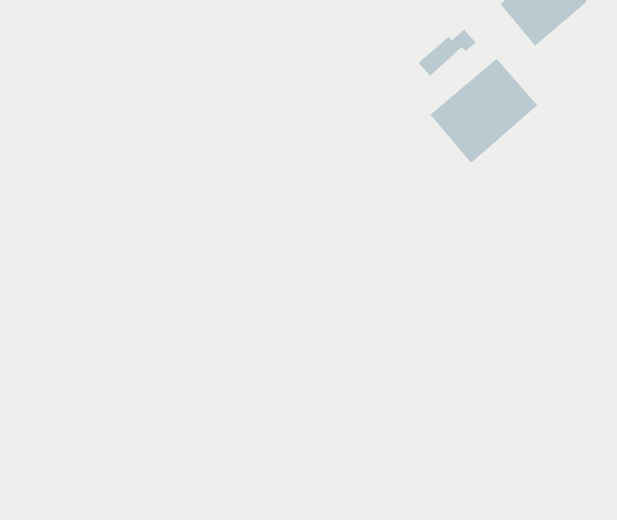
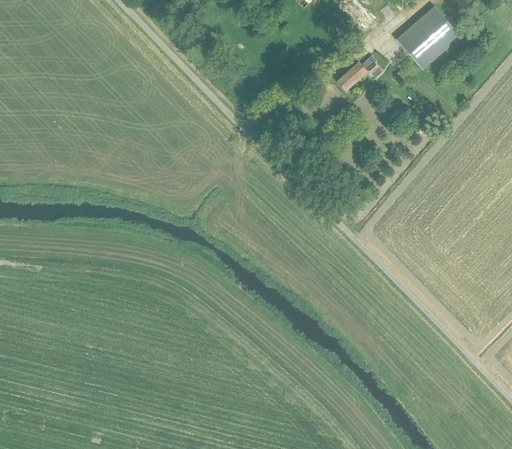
building: [430,58,538,164] -> none

